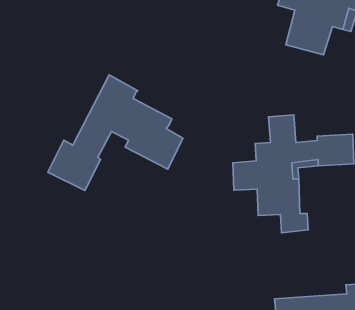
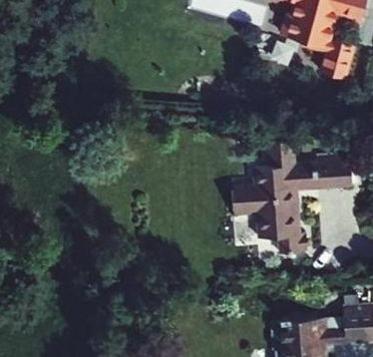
building: [48,75,183,190] -> none

